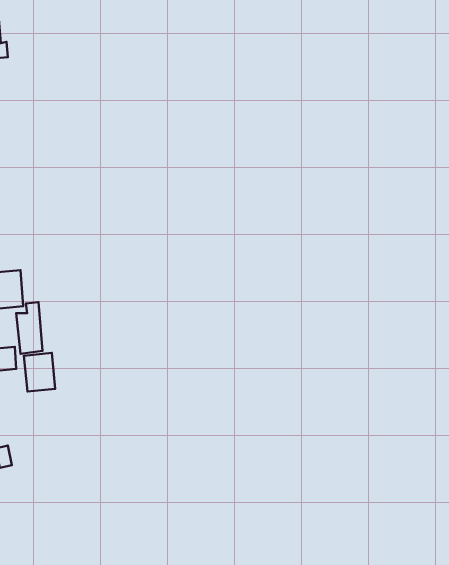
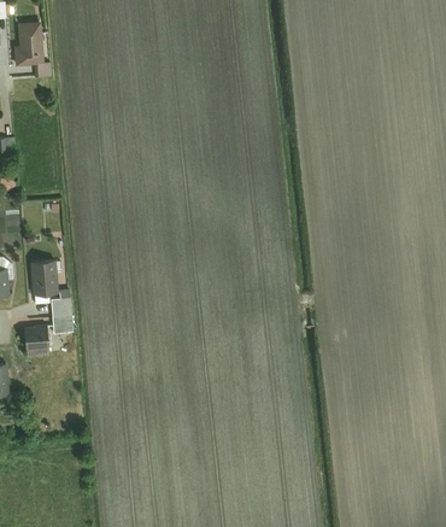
building: [24,353,55,392] -> none

